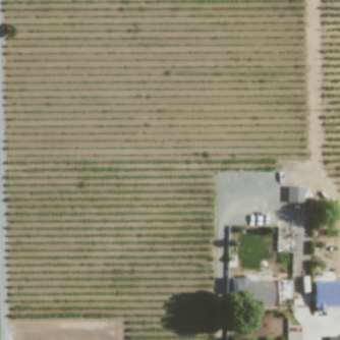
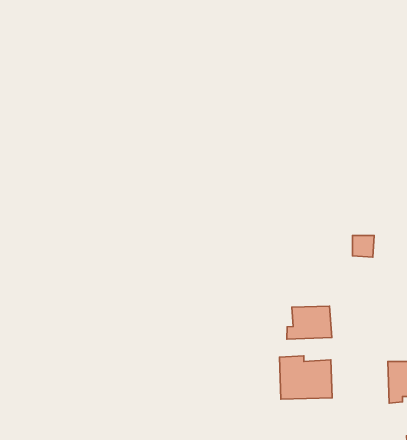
building: none -> [287,306,332,339]

